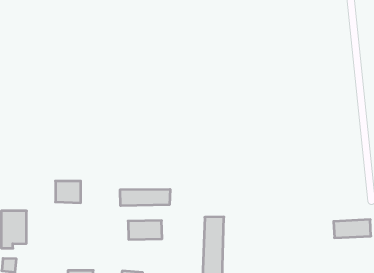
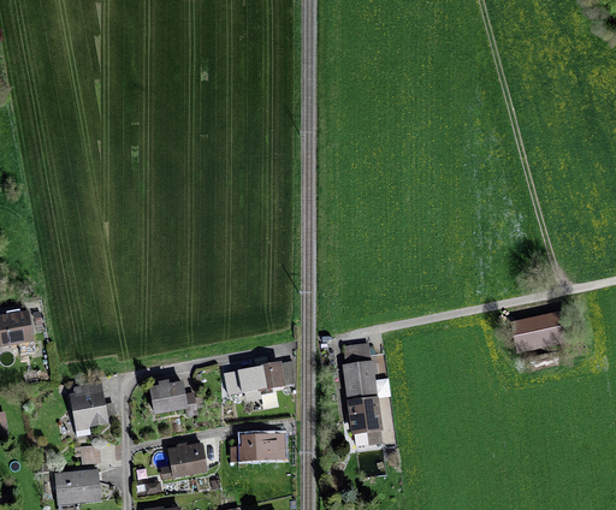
building: [55,181,81,203] -> [152,380,190,414]
building: [120,189,170,206] -> none

